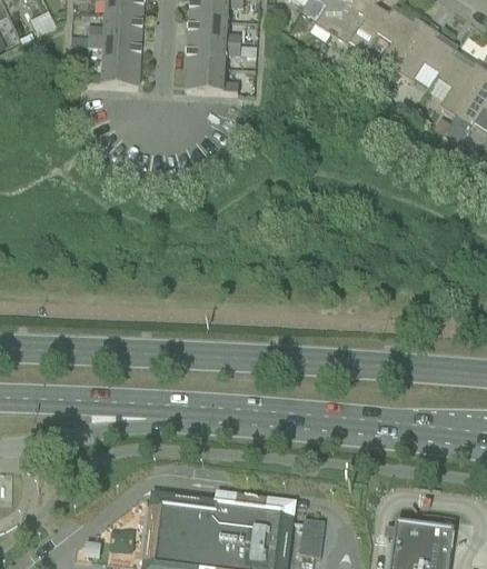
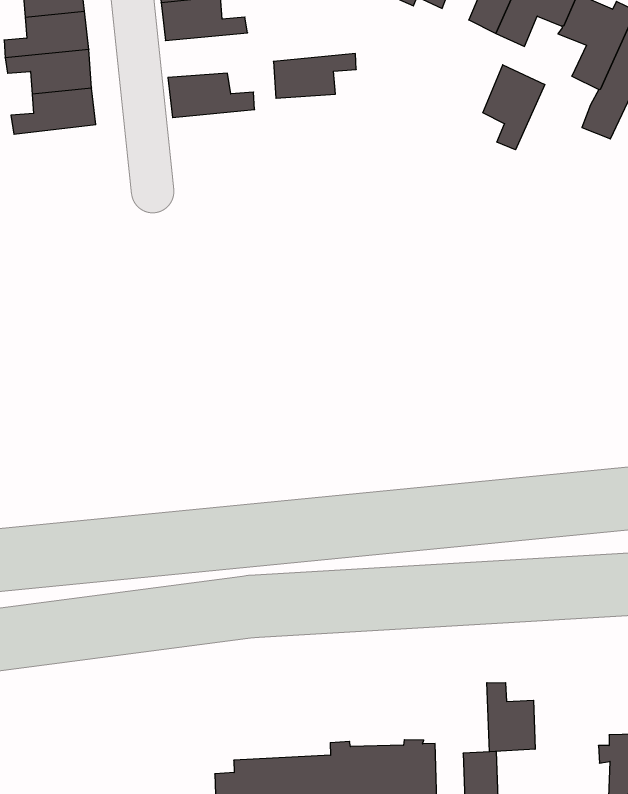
building: [188,42,242,69] -> [273,54,356,98]
building: none -> [483,65,545,150]
building: none -> [487,683,535,752]

